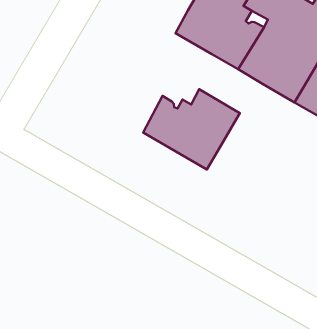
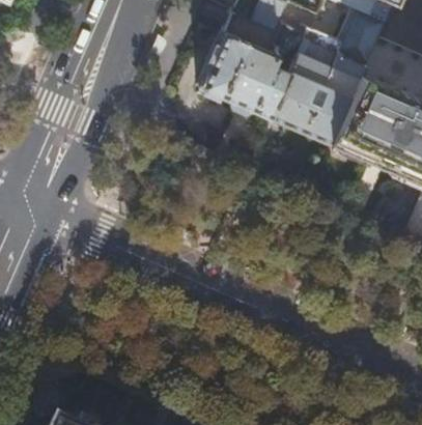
building: [143,89,240,169] -> none

